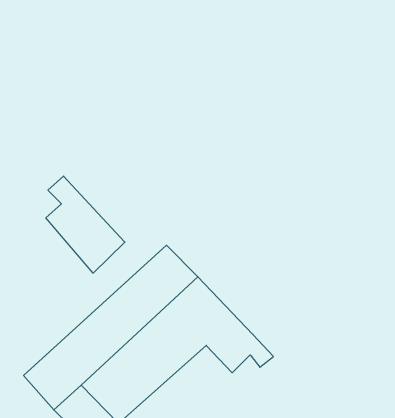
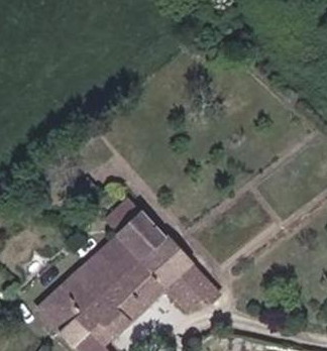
building: [46,176,125,273] -> none

